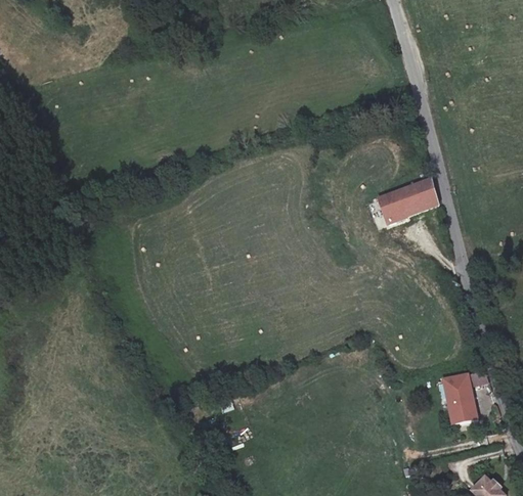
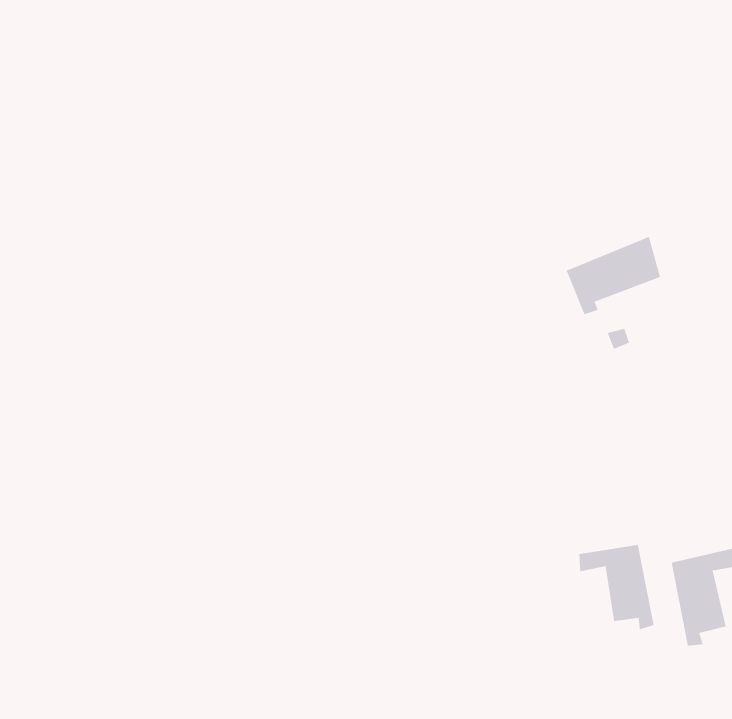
building: none -> [579,544,654,630]

